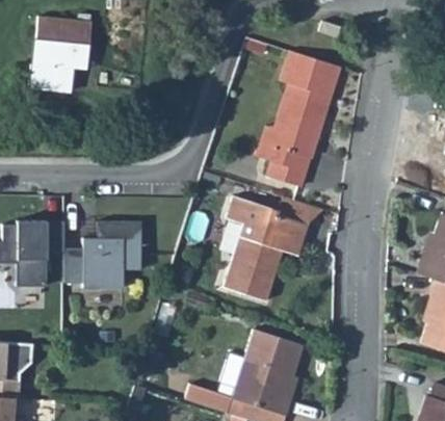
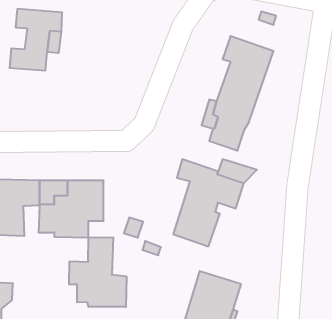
building: none -> [69,237,126,307]

